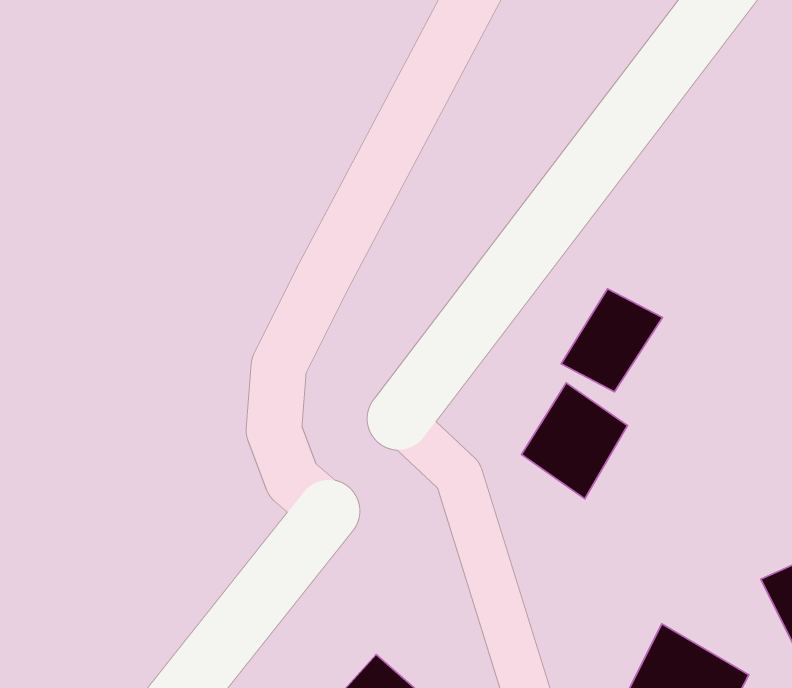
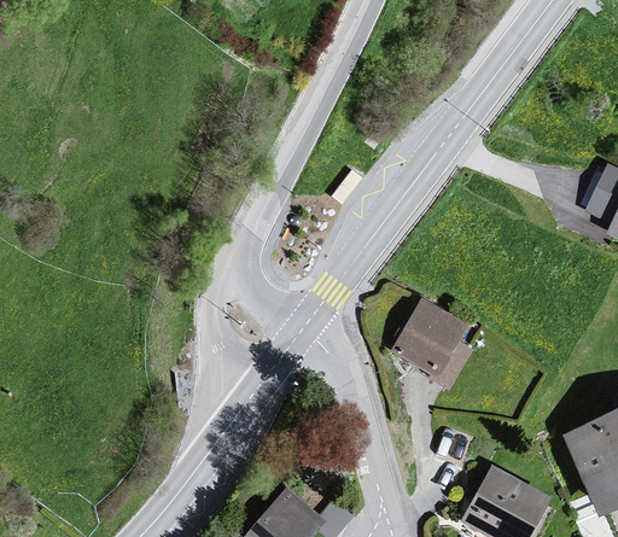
building: [561,289,663,392] -> none

